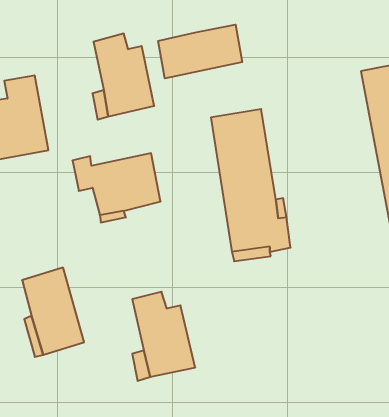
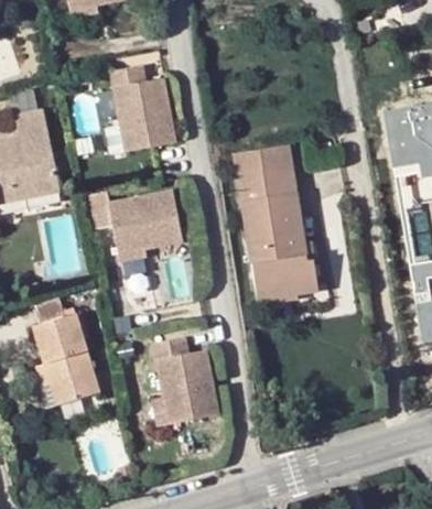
building: [158,25,242,78] -> none

